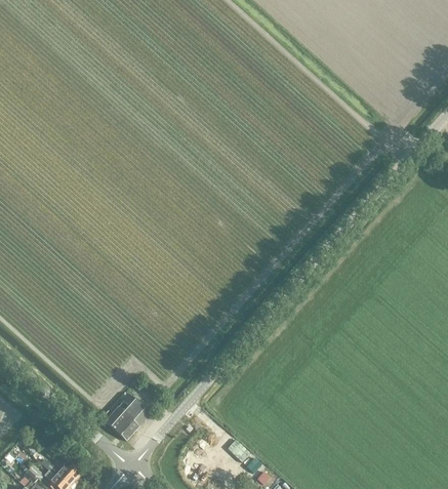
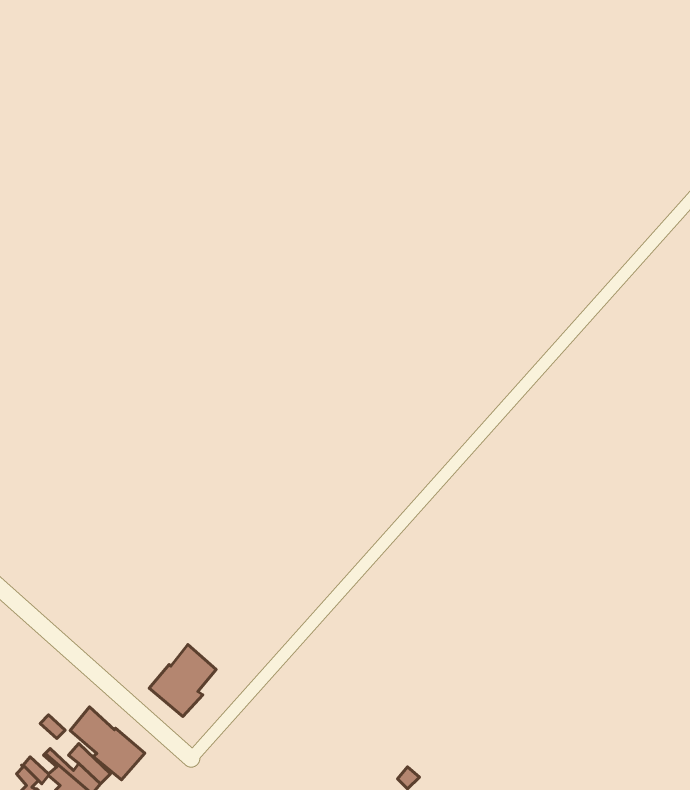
building: none -> [70,707,145,780]

